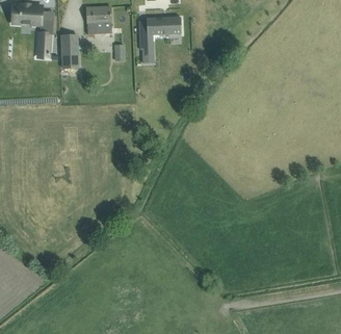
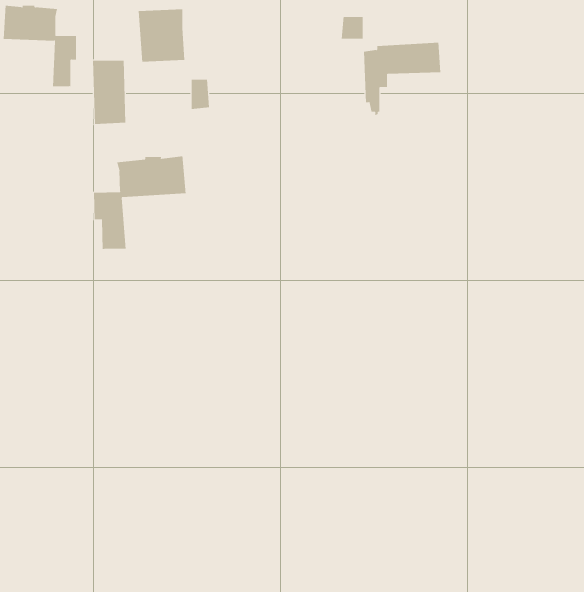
building: [138,17,181,57] -> [363,42,441,116]
building: none -> [93,156,186,250]

